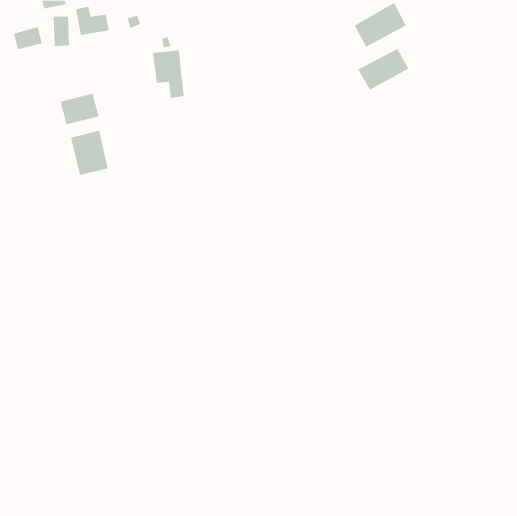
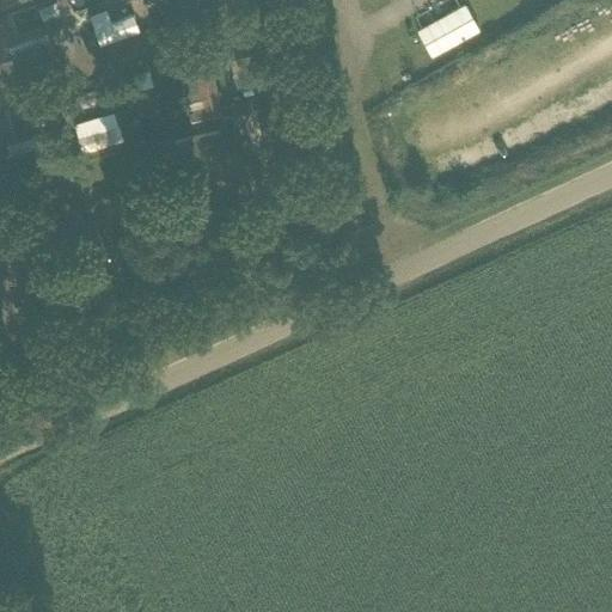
building: [358,48,409,90] -> none
building: [71,130,108,176] -> none

